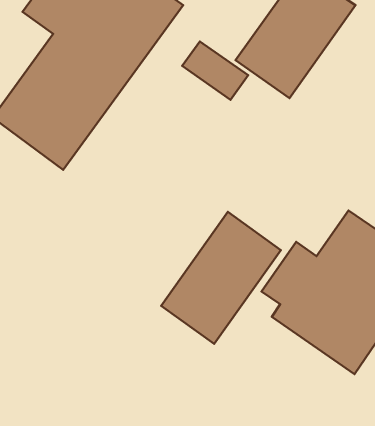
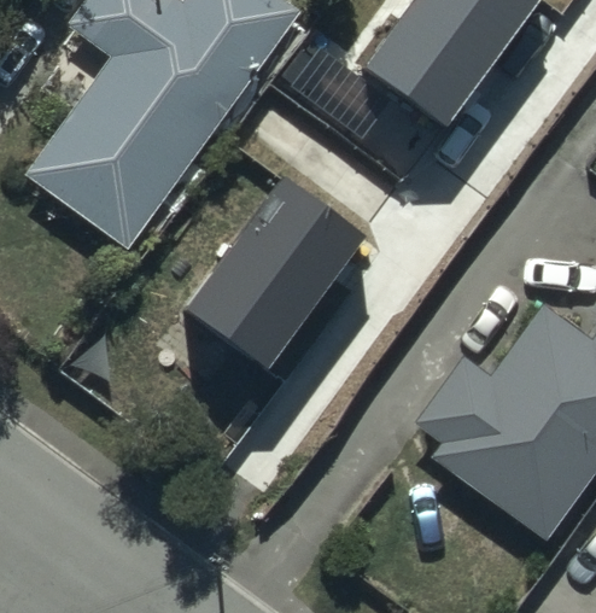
building: [161,212,281,344] -> [198,203,369,391]

